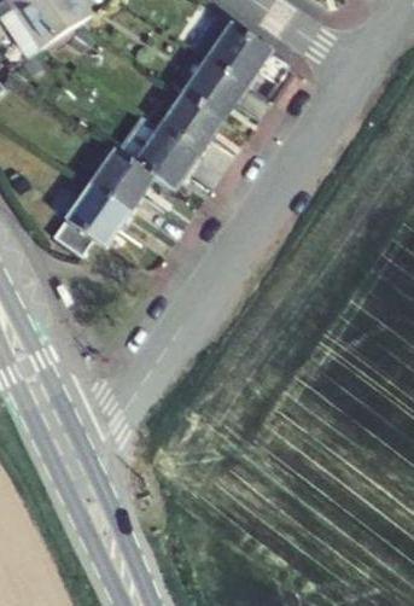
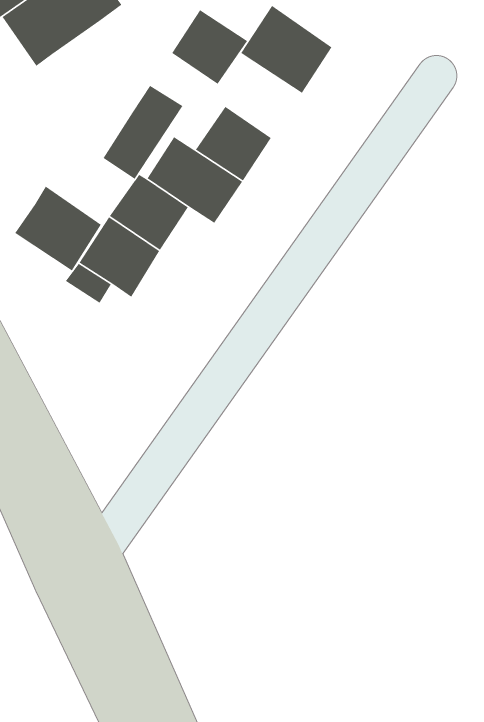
building: [182,58,244,118] -> [171,9,248,85]
building: none -> [102,85,184,180]
building: none -> [14,186,102,272]

